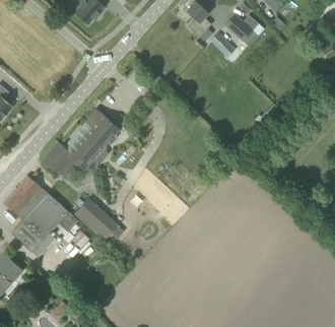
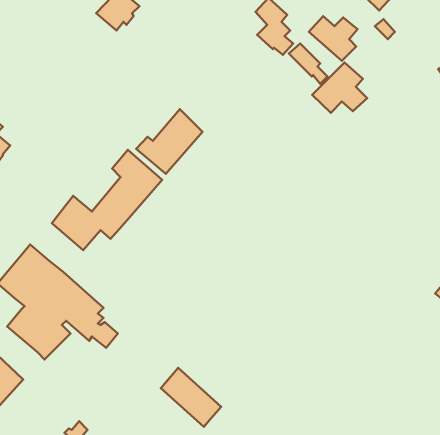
building: none -> [312,63,367,113]
building: none -> [136,109,202,174]
building: [73,197,116,239] -> [161,368,221,427]

